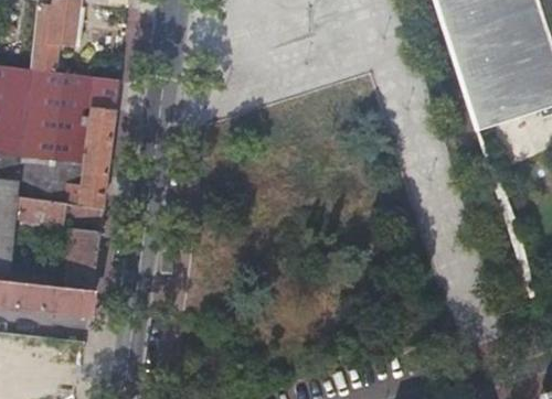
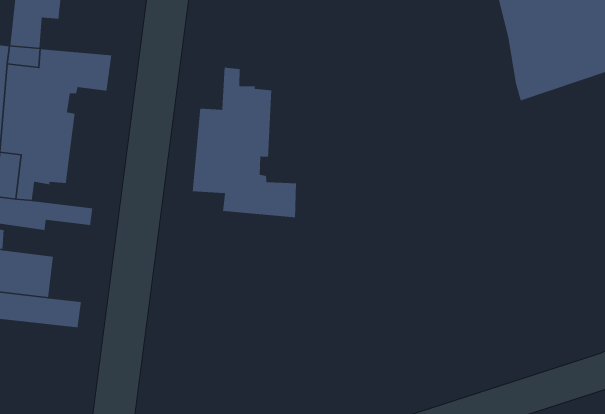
building: none -> [192,67,297,218]
building: [47,106,113,211] -> none
building: [62,230,97,292] -> none

